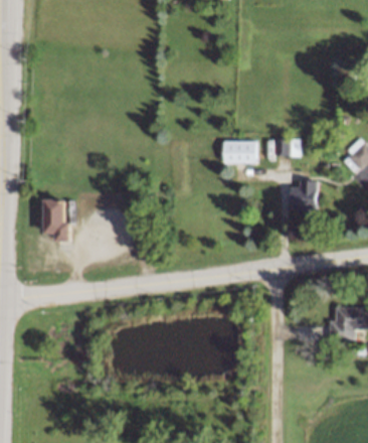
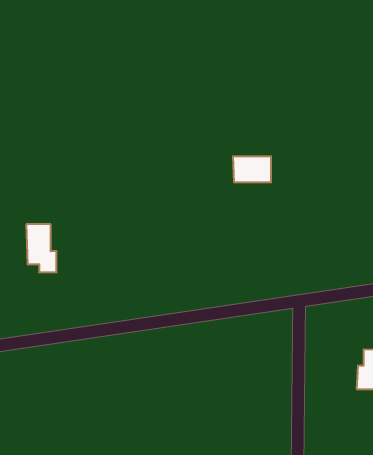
building: [272,138,300,156] -> none
building: [290,180,317,211] -> none

